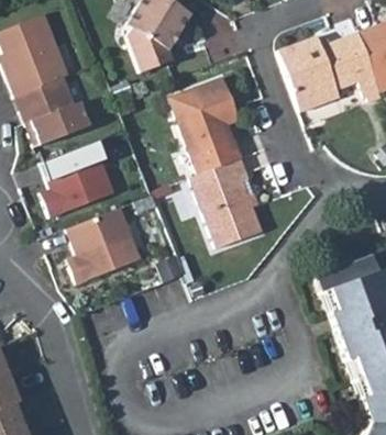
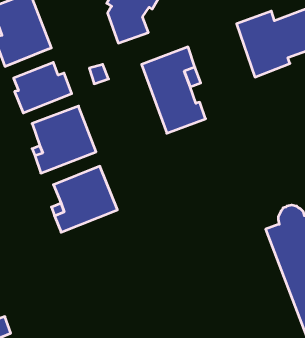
building: [15,77,70,125] -> none
building: [190,156,261,245] -> none

